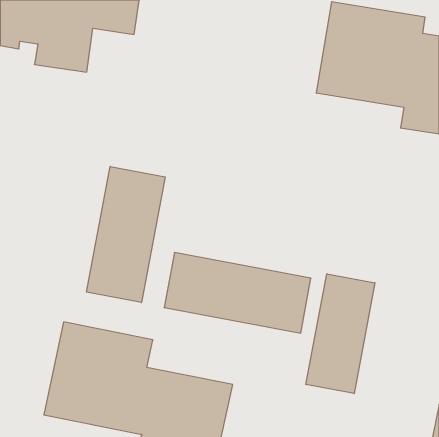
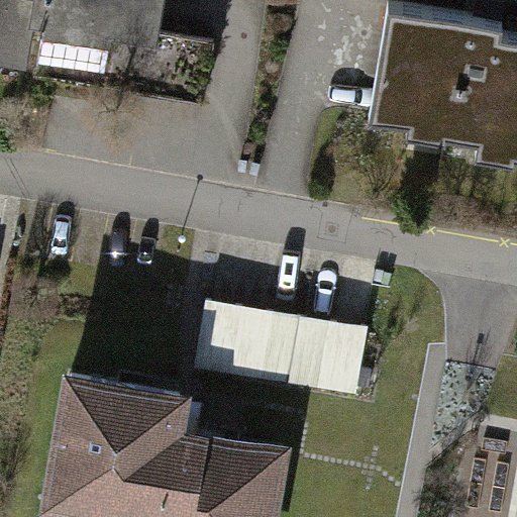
building: [87,166,165,303] -> none
building: [306,274,375,394] -> none

